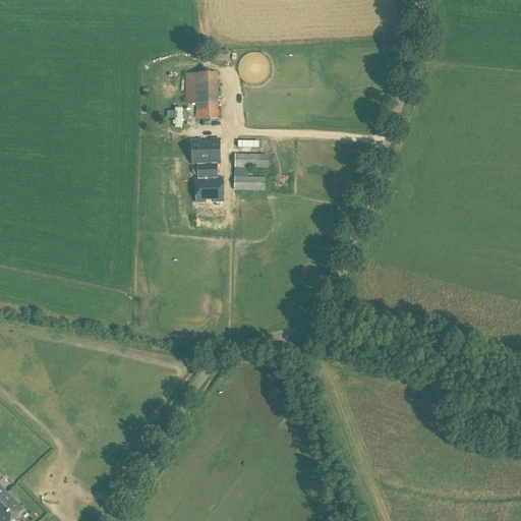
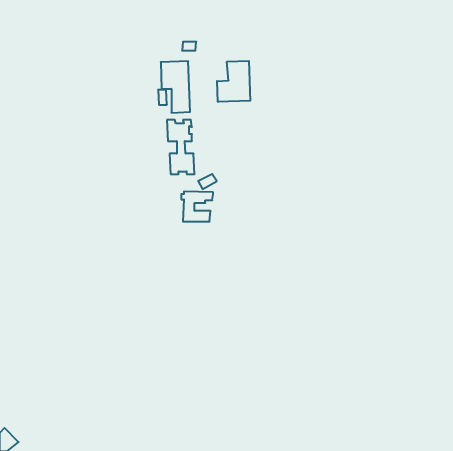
building: none -> [217,61,250,102]
building: [231,153,268,187] -> [181,191,213,222]

